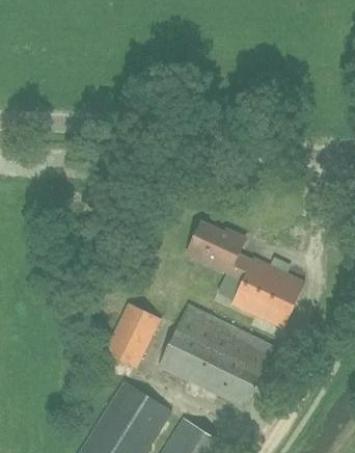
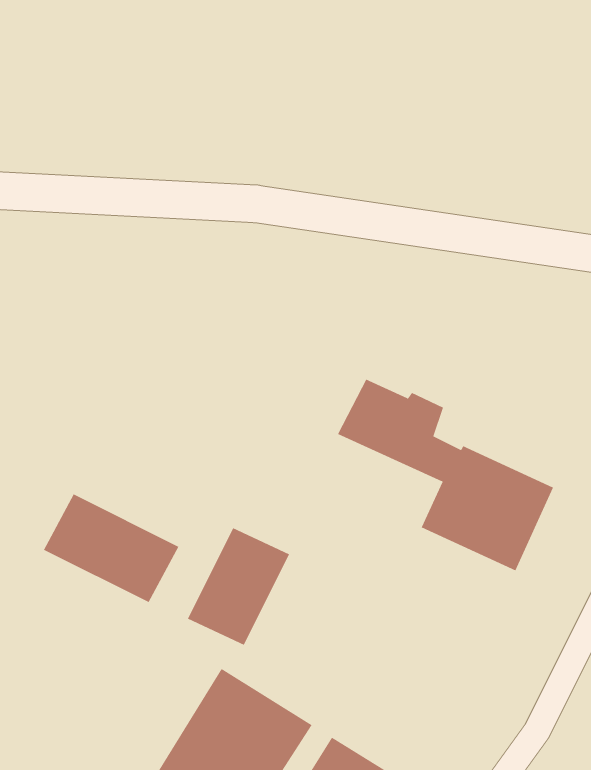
building: none -> [43,494,179,603]
building: [158,304,274,407] -> none

